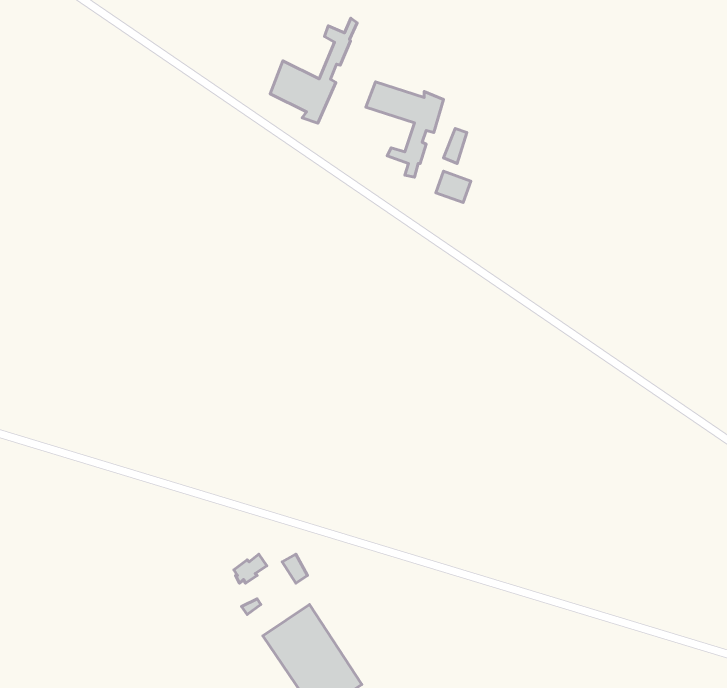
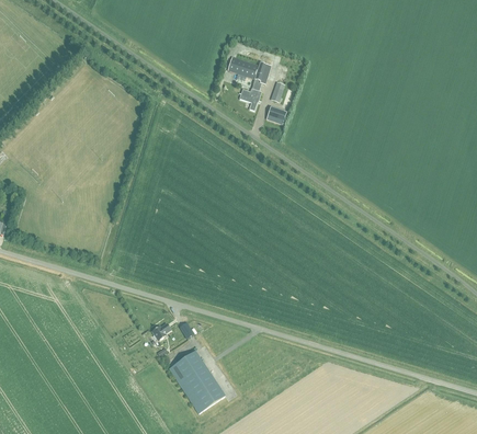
building: [270,18,357,123] -> none

